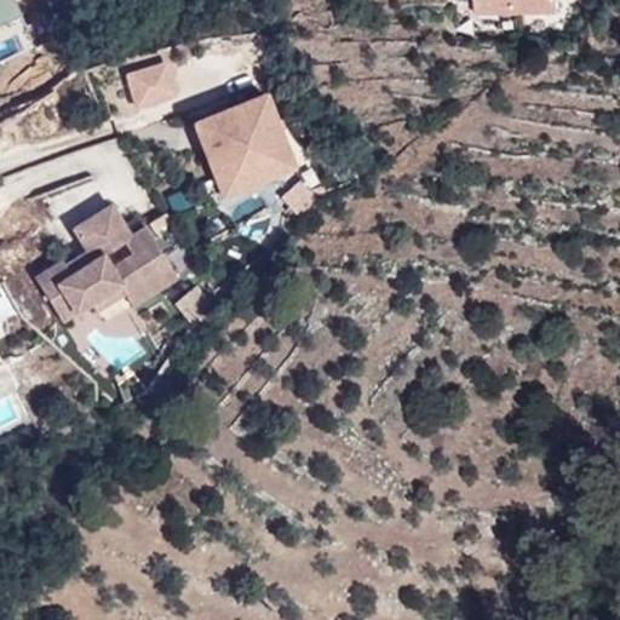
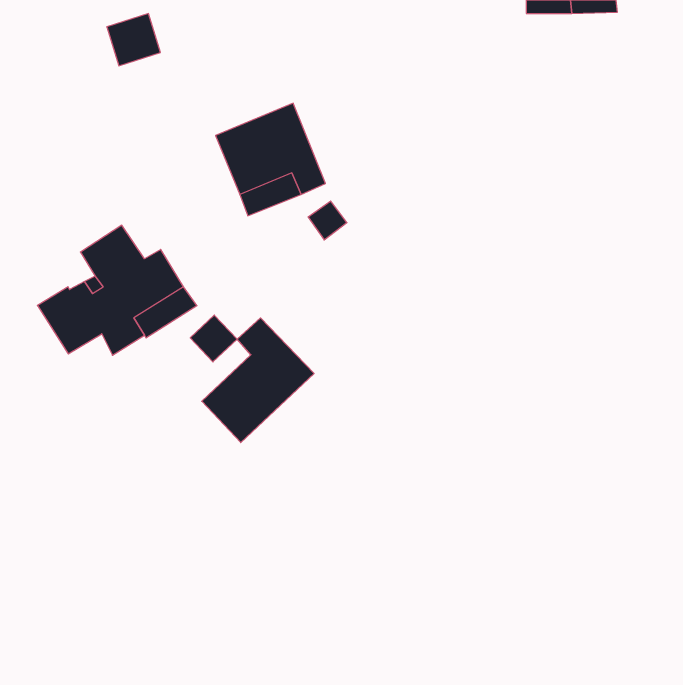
building: [128,59,177,107] -> [107,14,160,66]
building: none -> [202,318,314,443]

